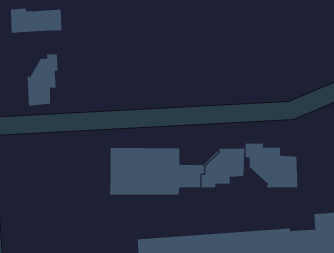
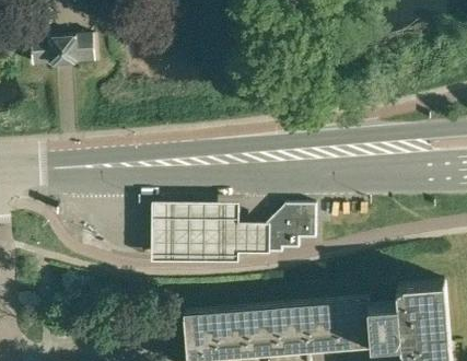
building: [27,53,58,107] -> none
building: [245,143,298,188] -> none

